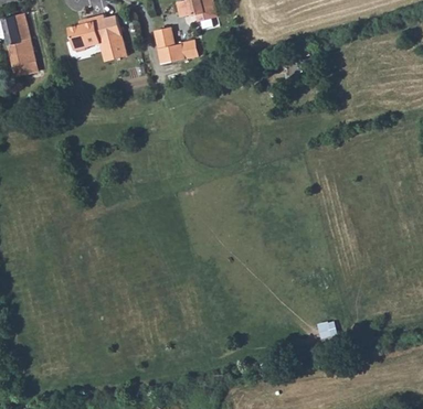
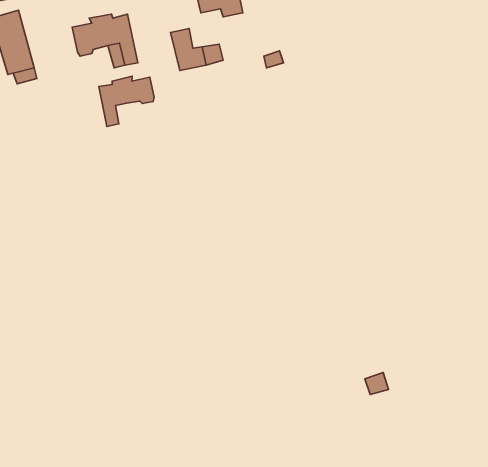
building: none -> [99,76,154,126]

